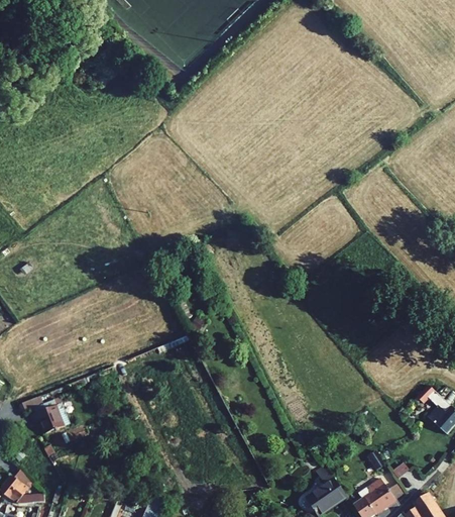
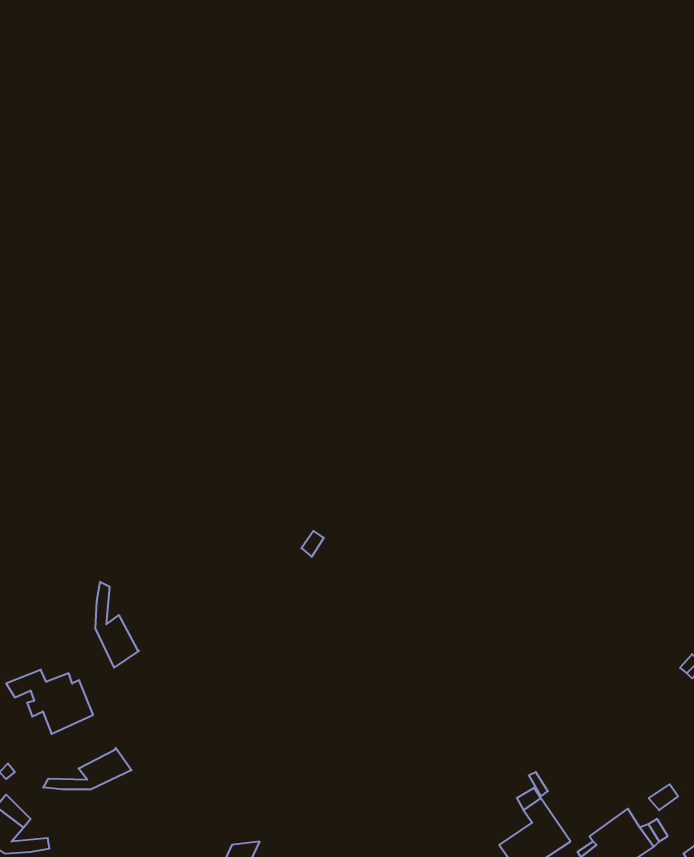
building: none -> [95,582,139,668]
building: none -> [43,748,132,790]

